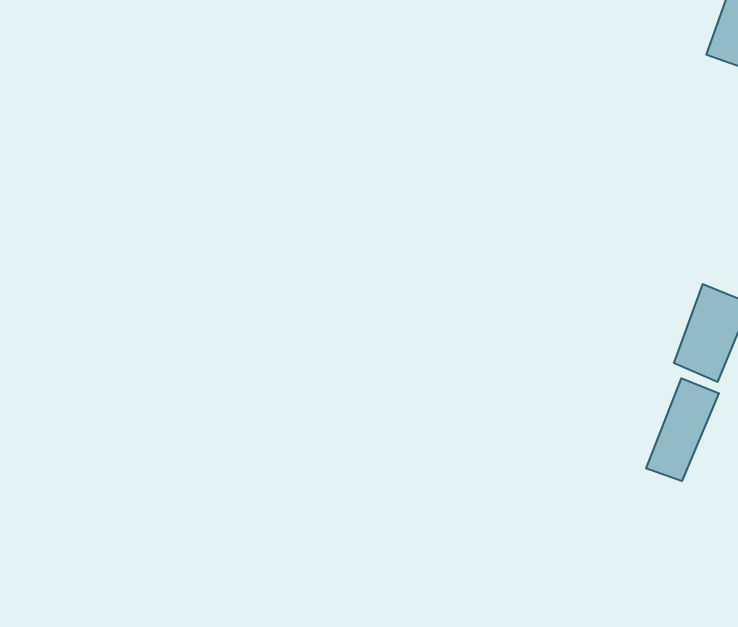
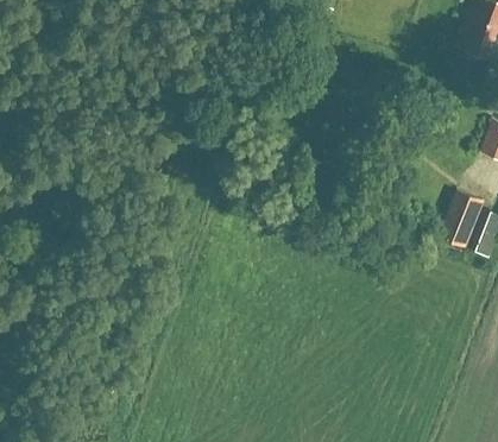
building: [646,378,719,481] -> none

